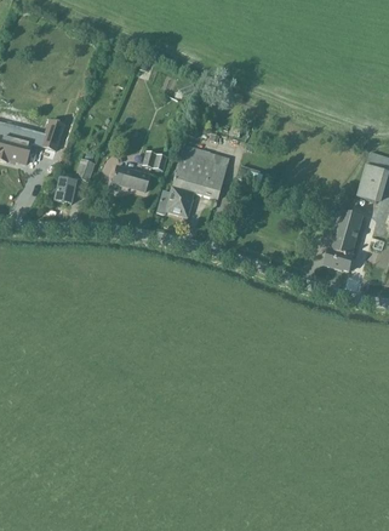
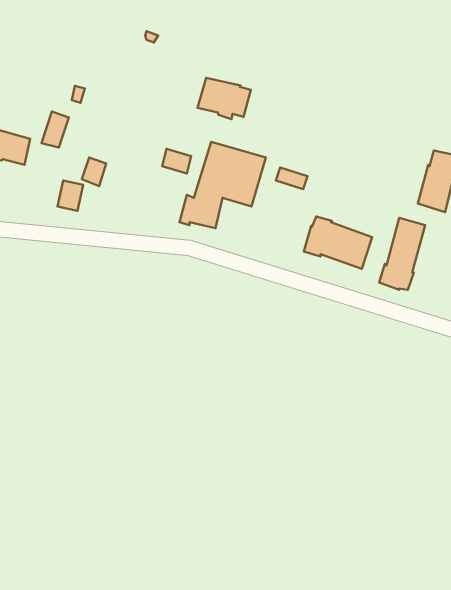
building: none -> [197,78,251,119]
building: [111,164,149,190] -> none
building: none -> [304,216,372,269]

